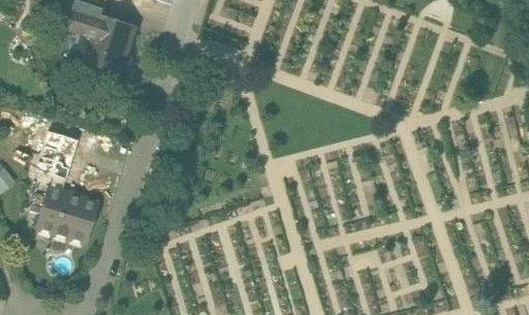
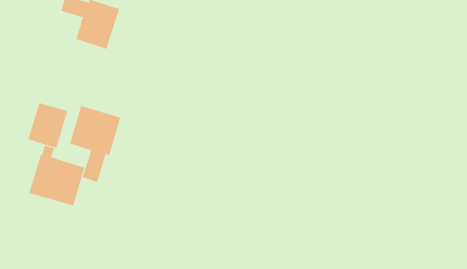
building: none -> [69,105,121,183]

